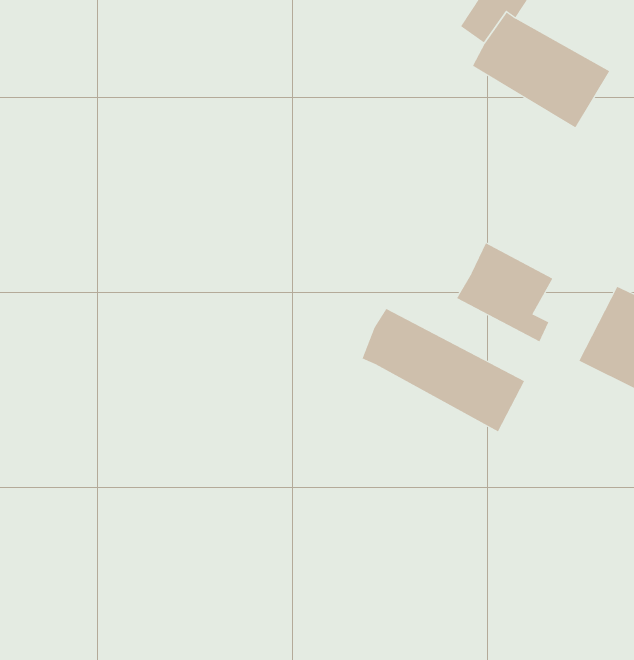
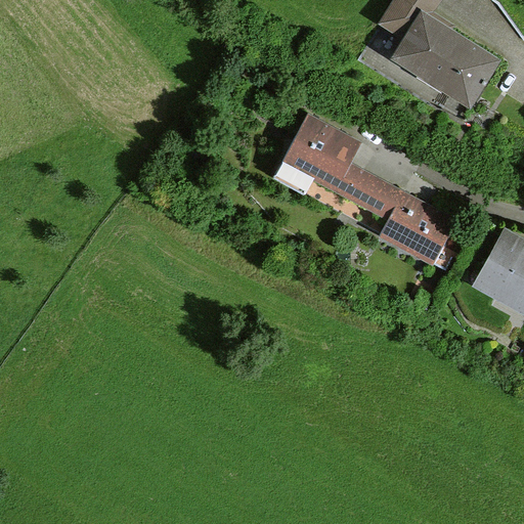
building: none -> [275,115,402,217]
building: [362,308,525,432] -> none

